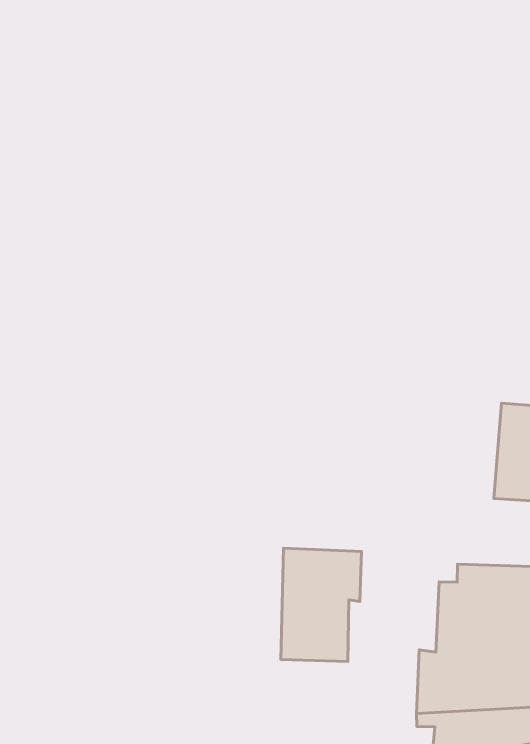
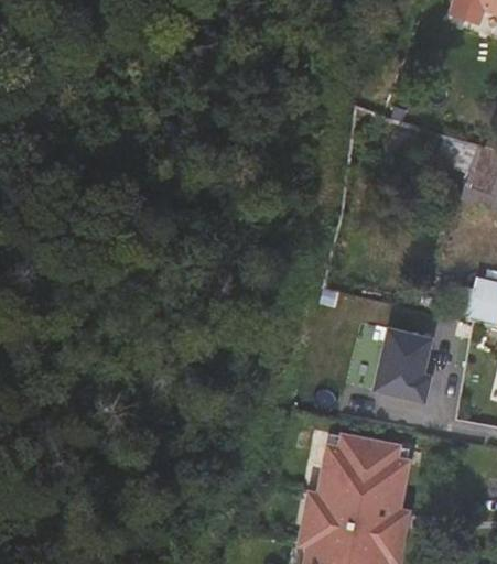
building: [281,548,362,662] -> none

